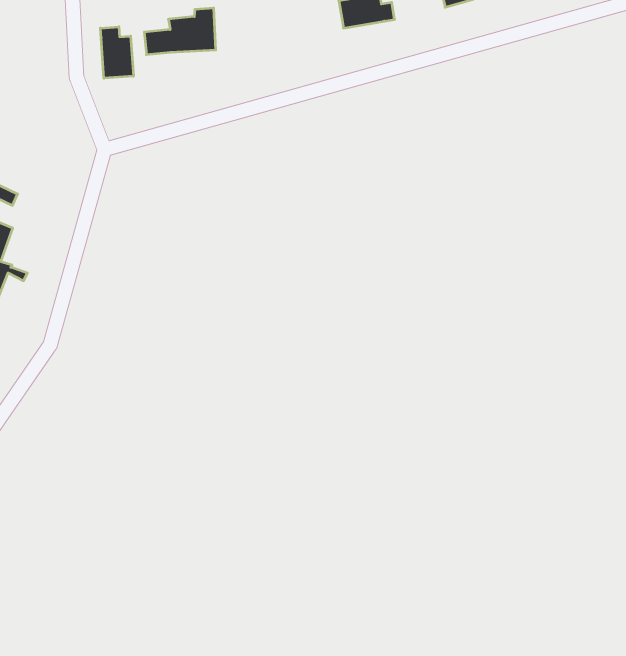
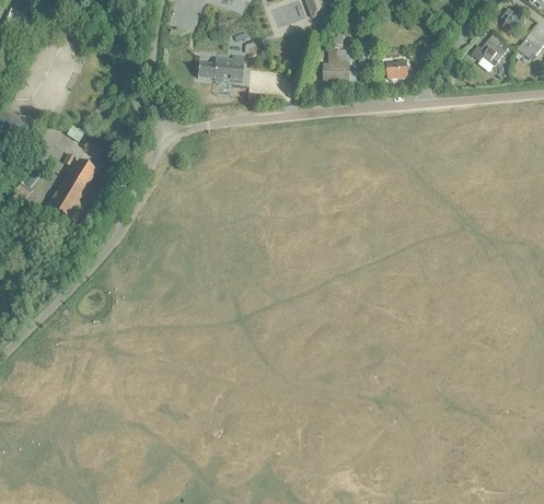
building: [100,27,133,78] -> none

